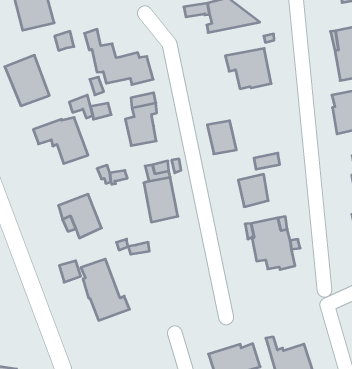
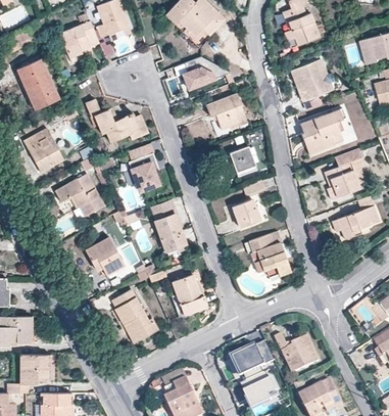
building: [207,121,236,154] -> [230,146,257,176]
building: none -> [172,273,208,315]

